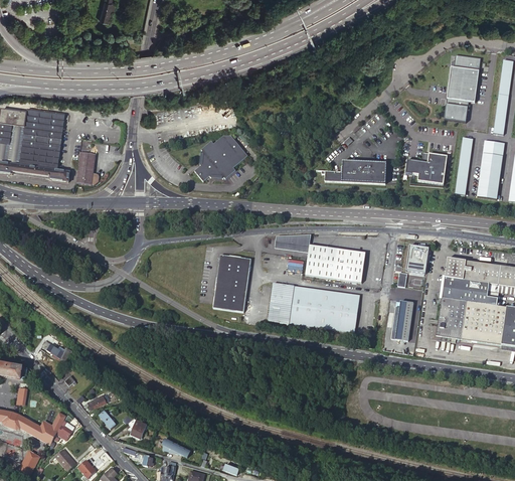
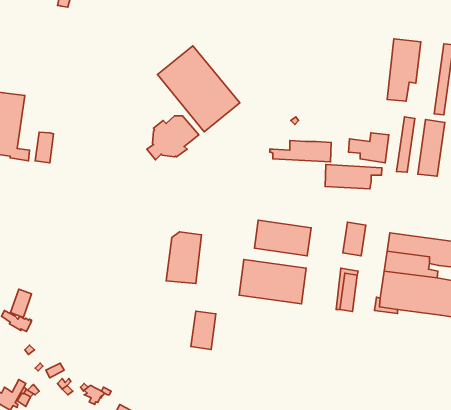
building: none -> [157,46,240,132]
building: none -> [325,165,382,189]
building: [269,283,295,323] -> [191,311,216,349]
building: none -> [11,289,32,317]

